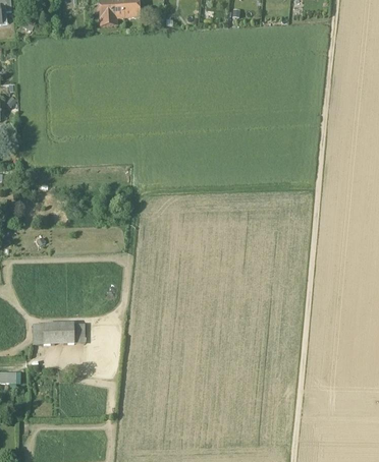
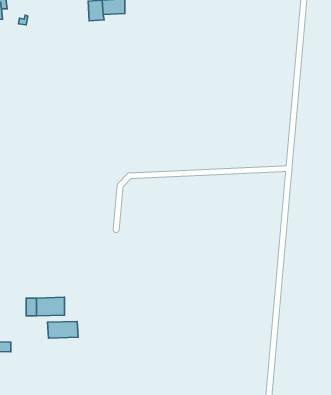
building: none -> [47,321,78,338]

